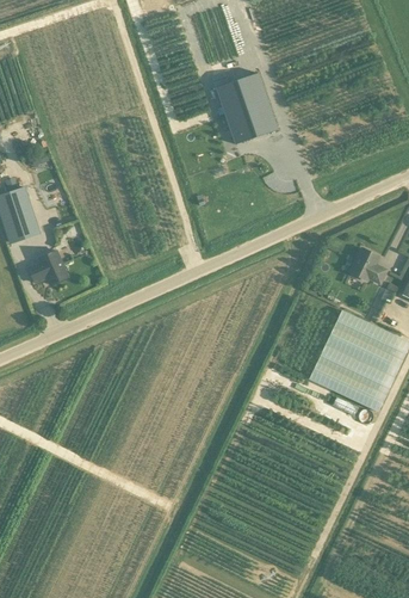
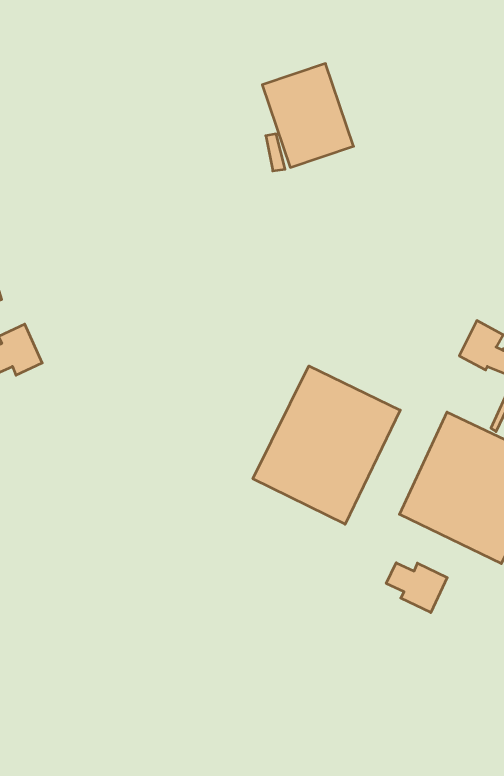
building: none -> [253,366,400,524]
building: none -> [386,563,447,613]

